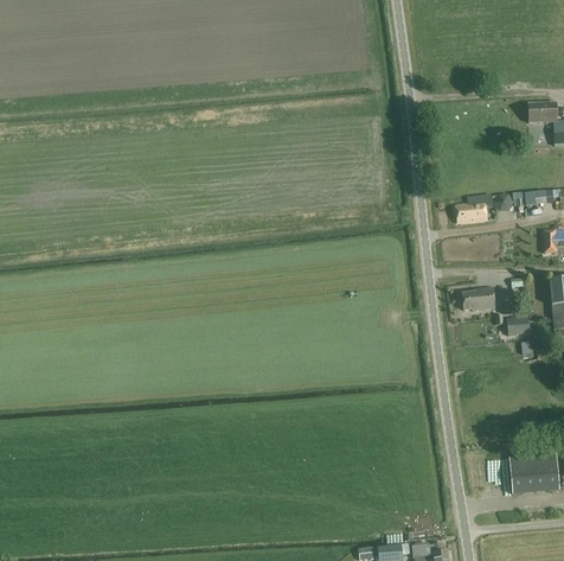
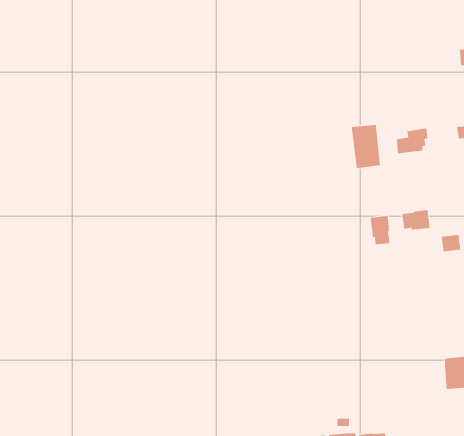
building: none -> [351,124,380,169]
building: none -> [370,215,390,245]

